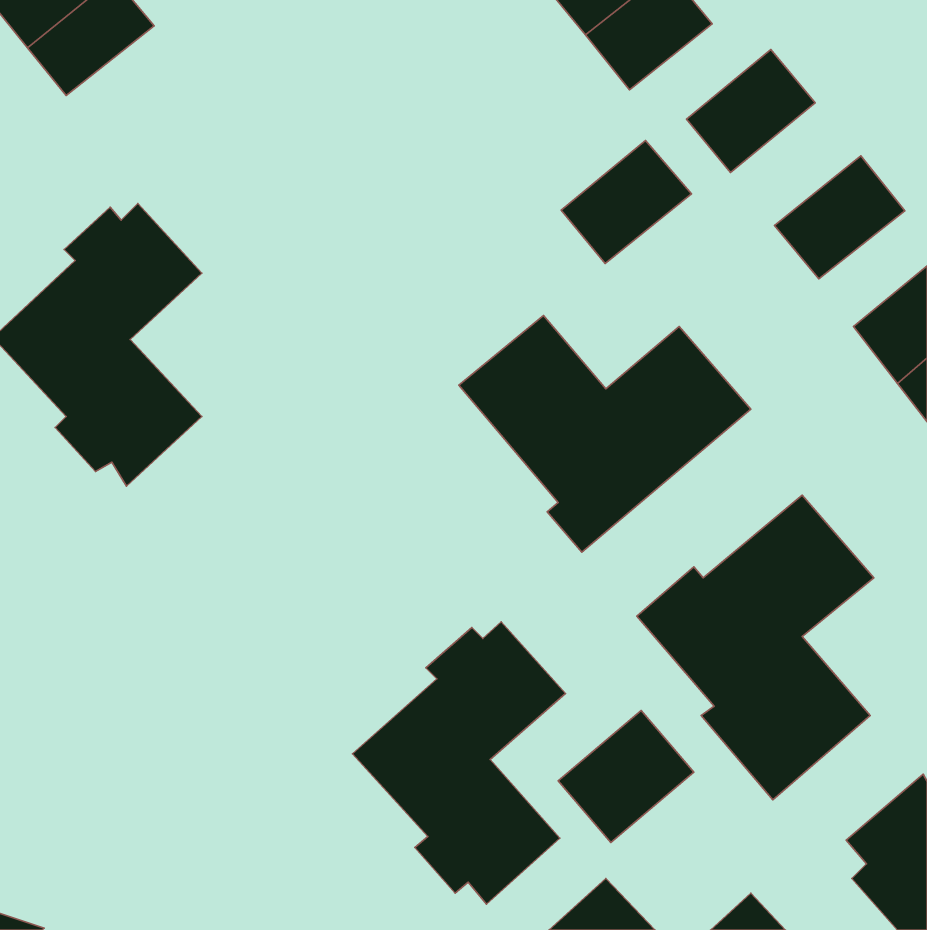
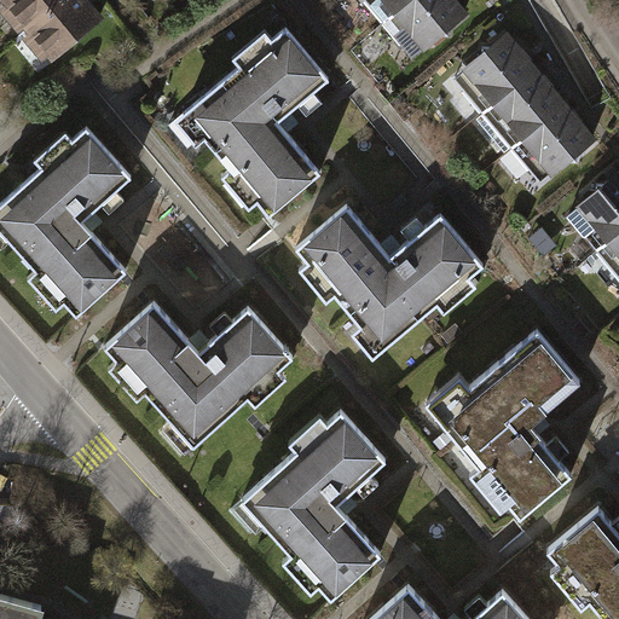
building: none -> [174,28,322,213]
building: [561,141,692,263] -> [481,68,567,149]
building: none -> [109,302,301,451]
building: [558,710,694,843] -> none

